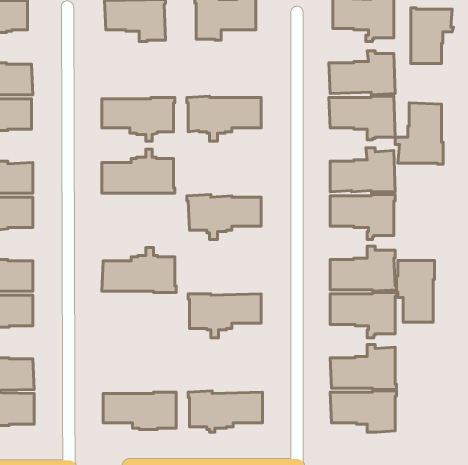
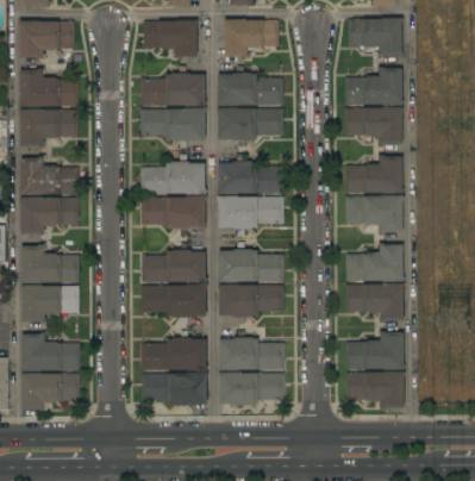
building: [411,8,453,64] -> none
building: none -> [139,67,206,106]
building: none -> [217,73,282,106]
building: [395,103,443,164] -> none
building: none -> [217,161,283,194]
building: none -> [140,196,207,237]
building: none -> [218,249,283,282]
building: [396,260,435,322] -> none
building: none -> [142,285,207,325]
building: none -> [142,331,207,370]
building: none -> [218,337,285,370]

